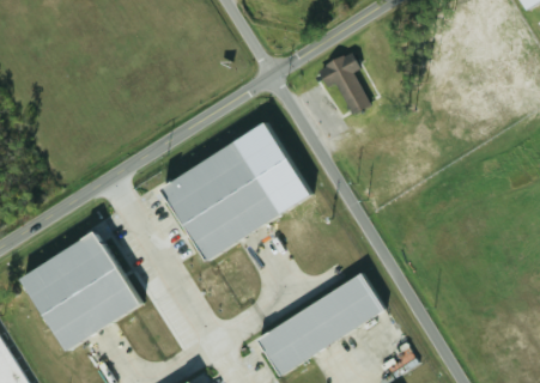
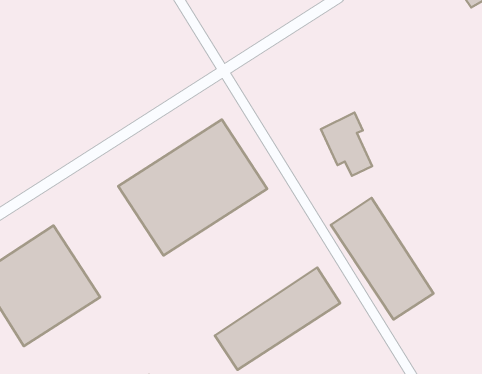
building: [313,51,364,115] -> [321,113,372,176]
building: none -> [331,198,433,320]

